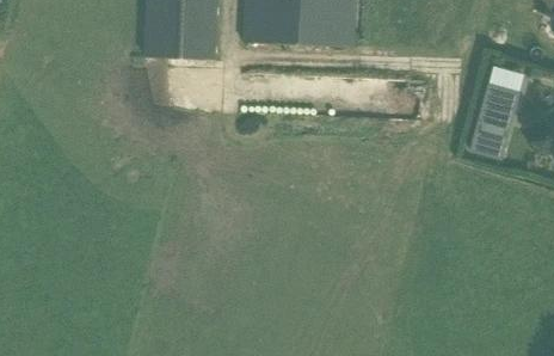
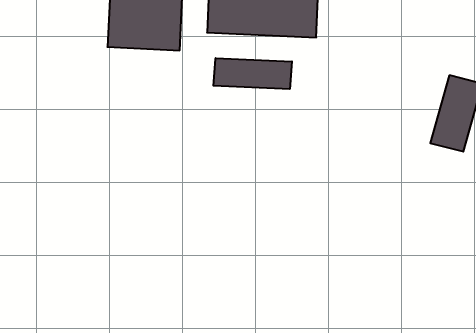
building: none -> [213,58,292,89]

